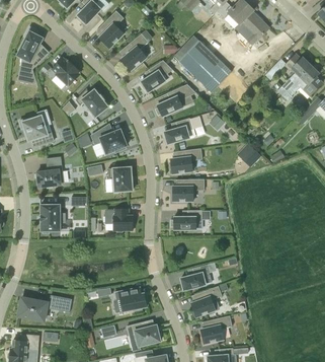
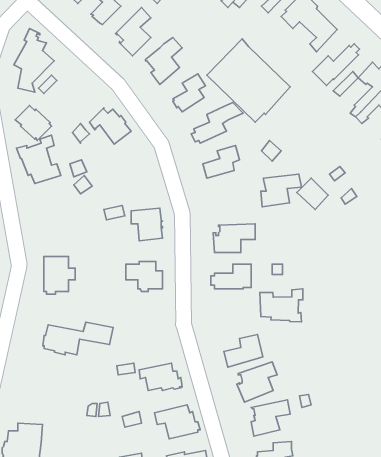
building: none -> [313,44,360,85]
building: [52,58,80,85] -> [15,105,52,141]
building: [91,124,127,153] -> none
building: [171,148,202,173] -> [261,174,301,207]
building: [36,156,64,188] -> none
building: none -> [260,289,303,322]
building: [17,295,72,320] -> [43,322,113,355]

